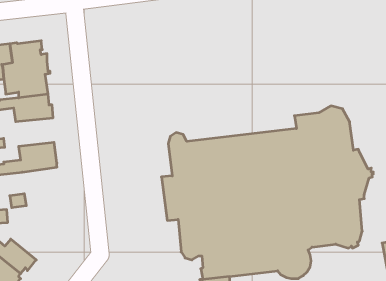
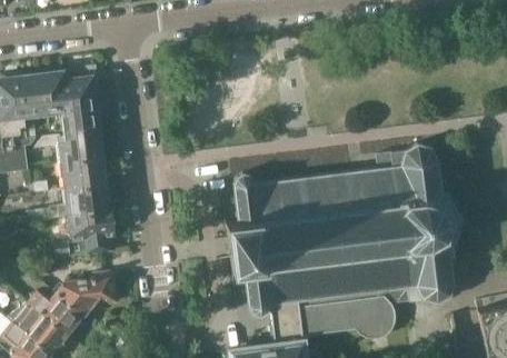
building: none -> [62,156,107,188]
building: none -> [70,206,117,253]
building: none -> [57,275,115,316]

